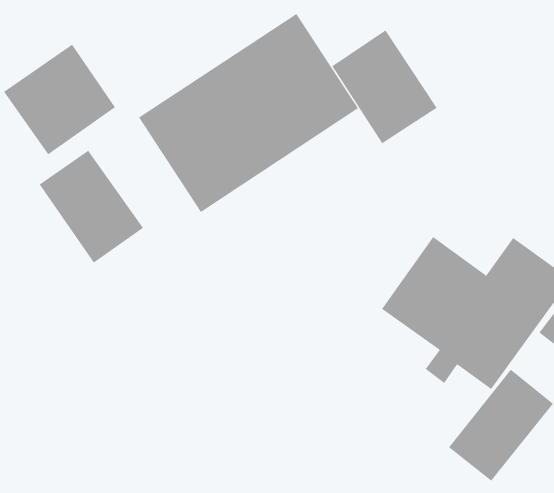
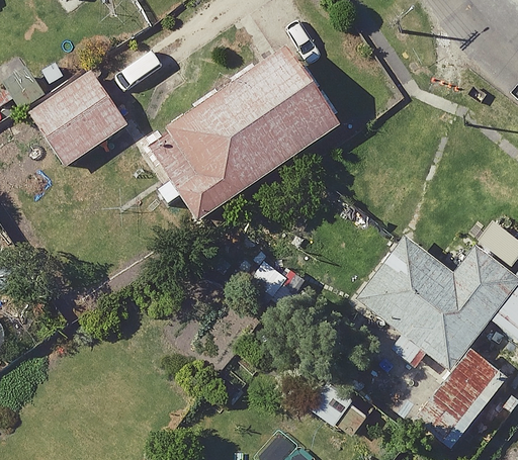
building: [331,29,438,144] -> none
building: [39,150,144,264] -> none

